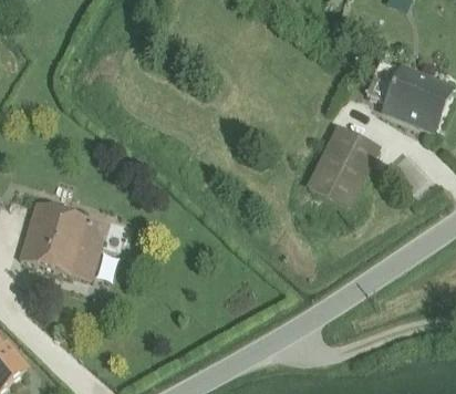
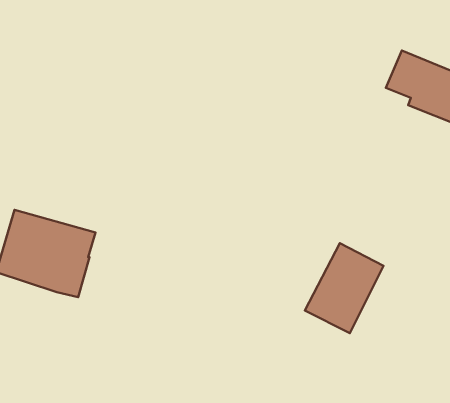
building: [310,127,380,207] -> [305,243,383,333]

